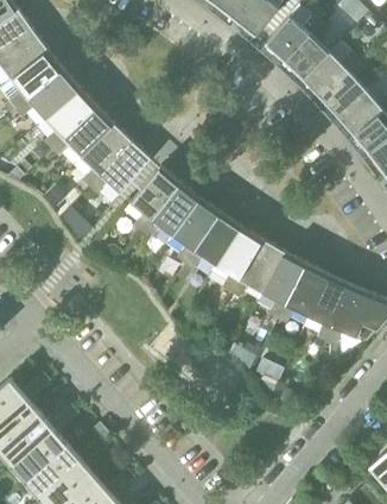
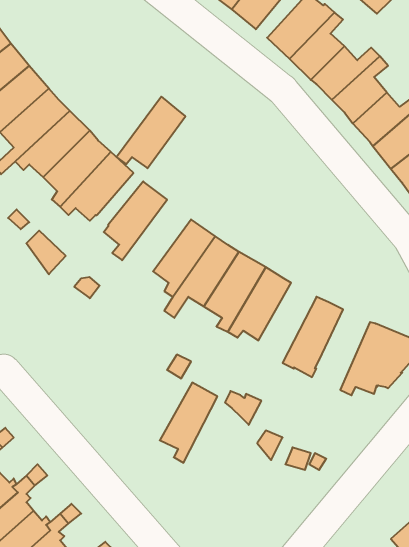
building: [141,181,199,241] -> [116,97,185,168]
building: [256,251,305,319] -> [160,383,217,463]
building: [304,273,350,341] -> none

